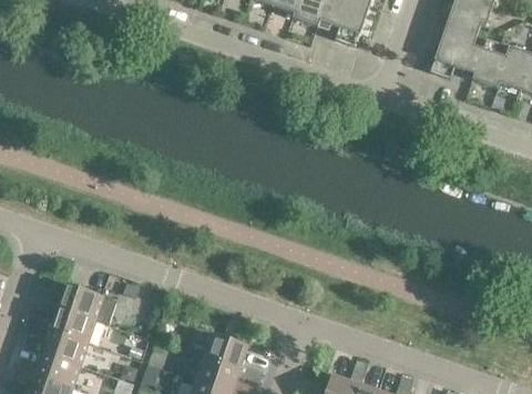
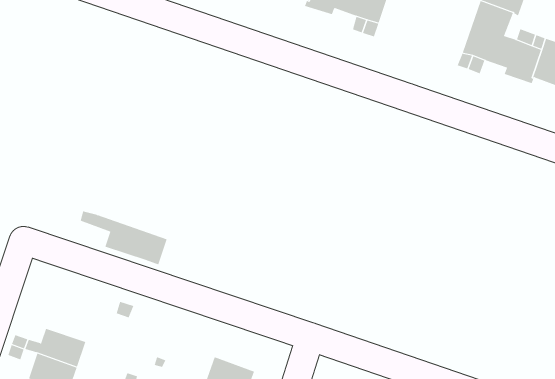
building: [38,275,116,324] -> [80,211,167,265]

